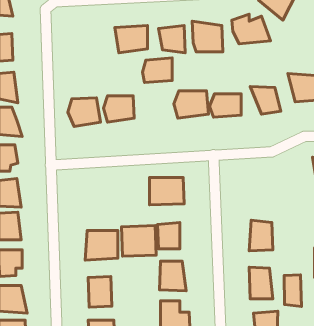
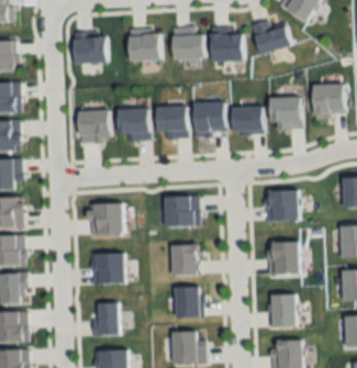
building: none -> [75,35,103,65]
building: [143,58,172,82] -> [153,105,185,132]
building: none -> [267,187,300,220]
building: [122,226,156,256] -> [91,203,129,236]
building: [284,275,301,306] -> none

